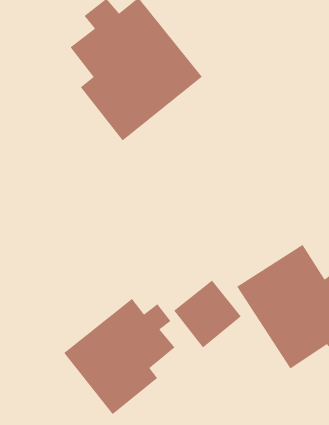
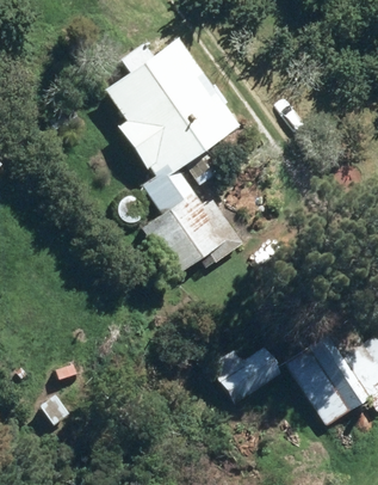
building: none -> [145,172,259,291]
building: [63,298,175,415] -> none

